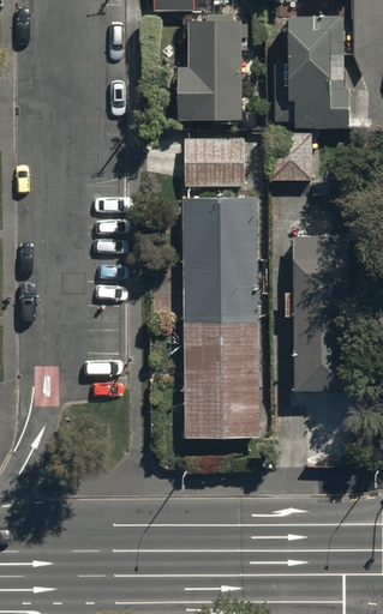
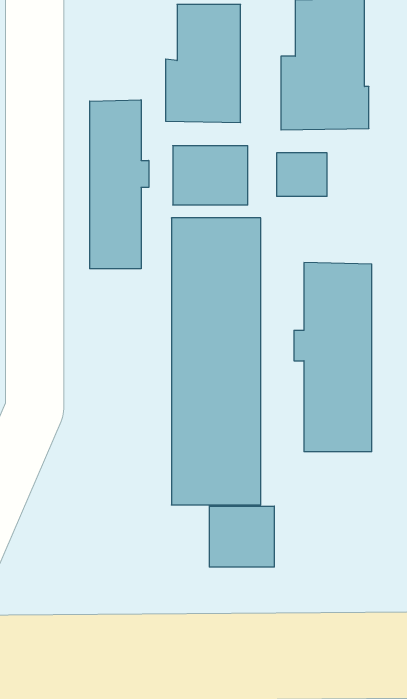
building: none -> [90,100,149,269]
building: none -> [209,506,274,567]

